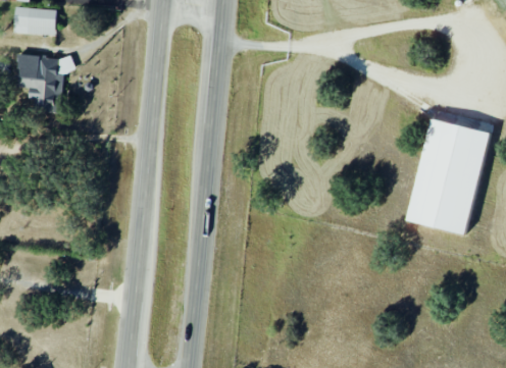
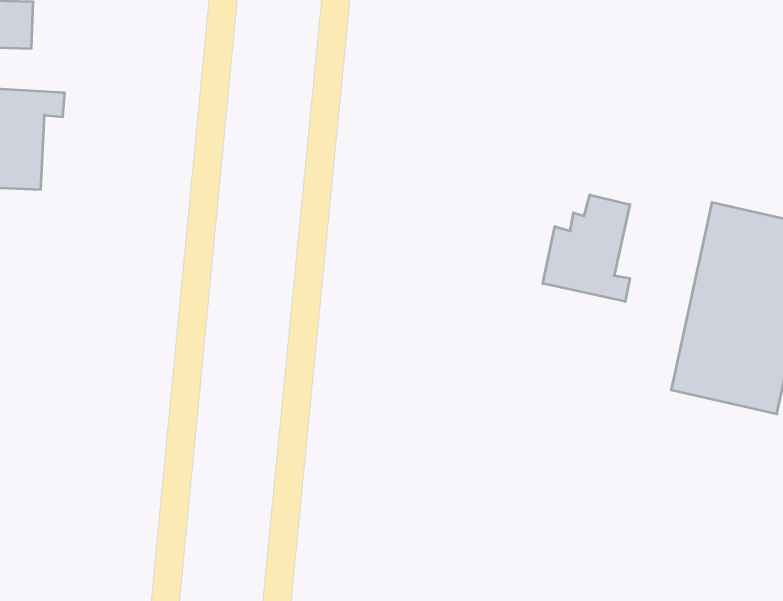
building: none -> [543,195,630,302]

